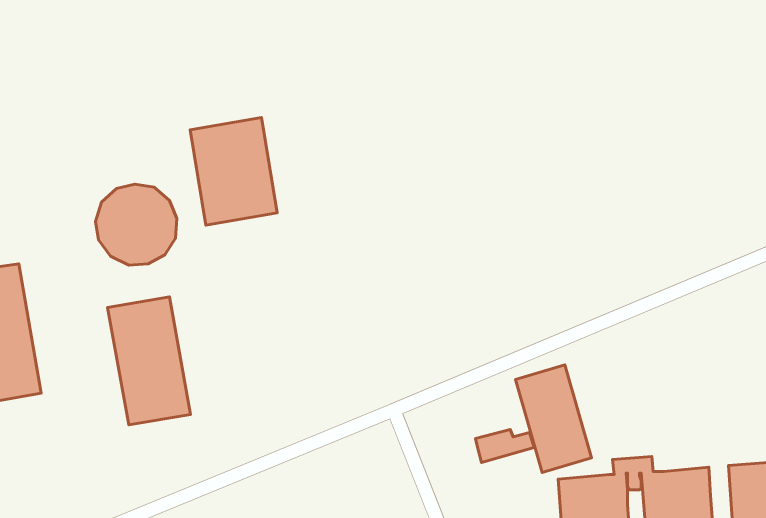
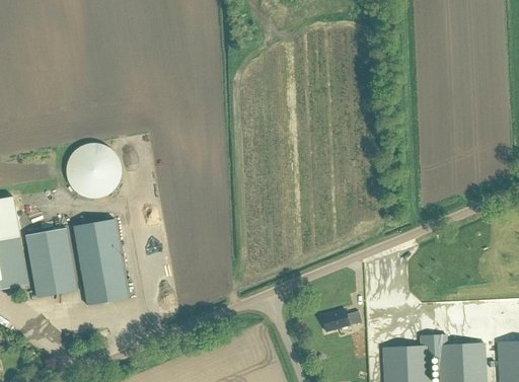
building: [190,117,277,225] -> none
building: none -> [27,230,79,300]
building: [515,365,591,472] -> none

